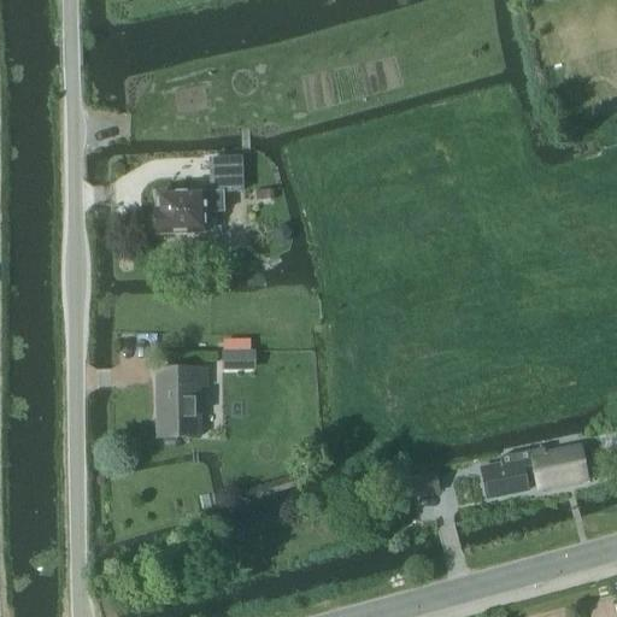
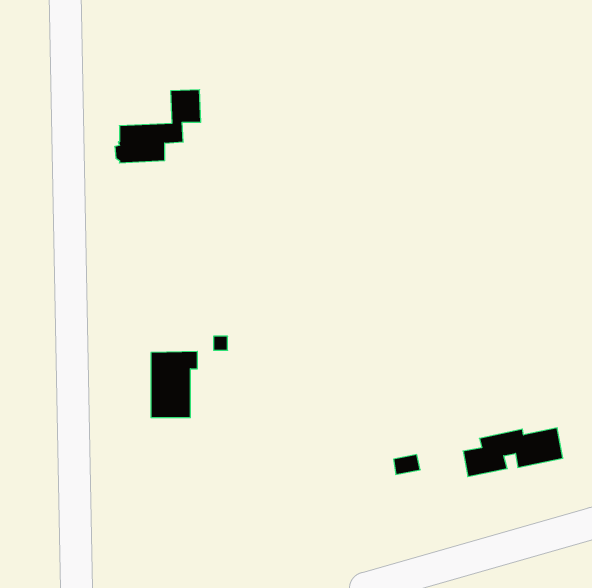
building: [153,154,242,230] -> [115,90,201,163]

